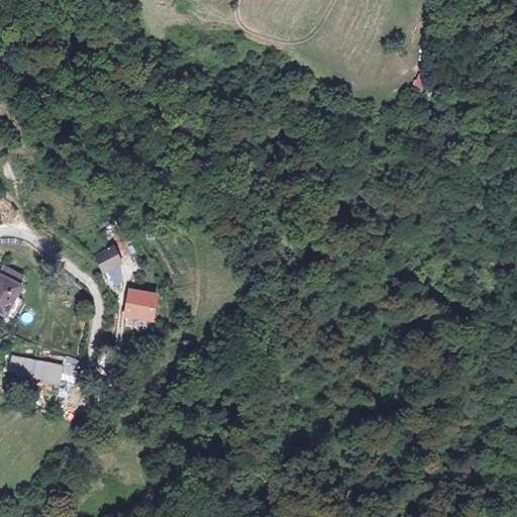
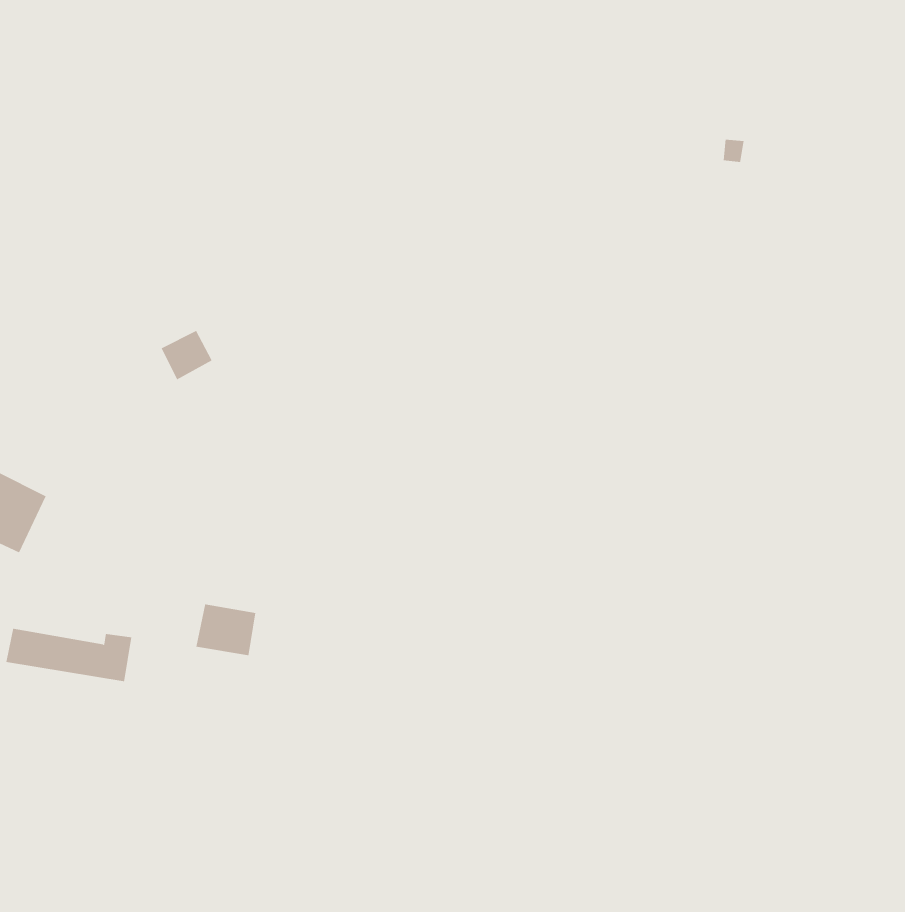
building: [93,245,122,274] -> [161,330,213,380]
building: [125,289,160,318] -> [196,604,256,656]

